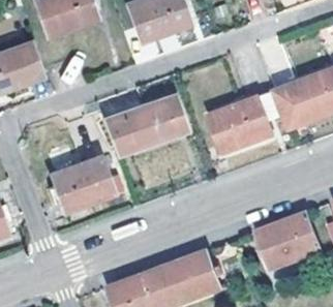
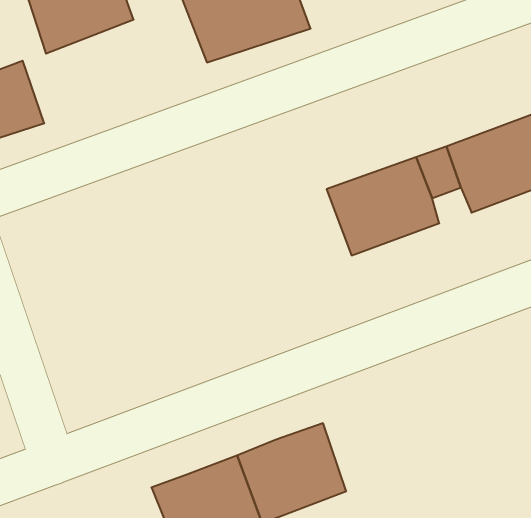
building: [102,94,188,154] -> none
building: [50,155,116,212] -> none
building: [255,212,322,271] -> none

